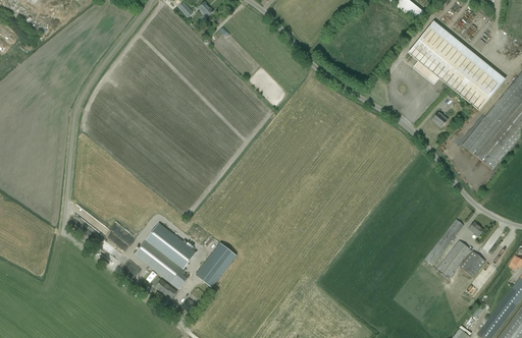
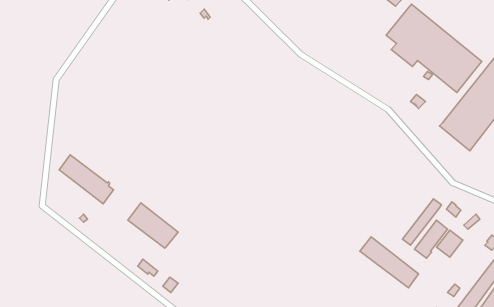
building: [136,239,191,289] -> [59,155,113,204]
building: [196,241,238,287] -> none
building: none -> [360,237,418,288]

